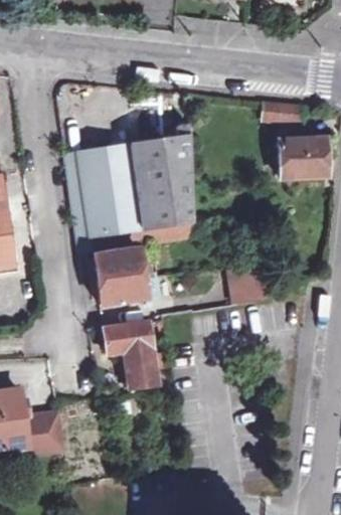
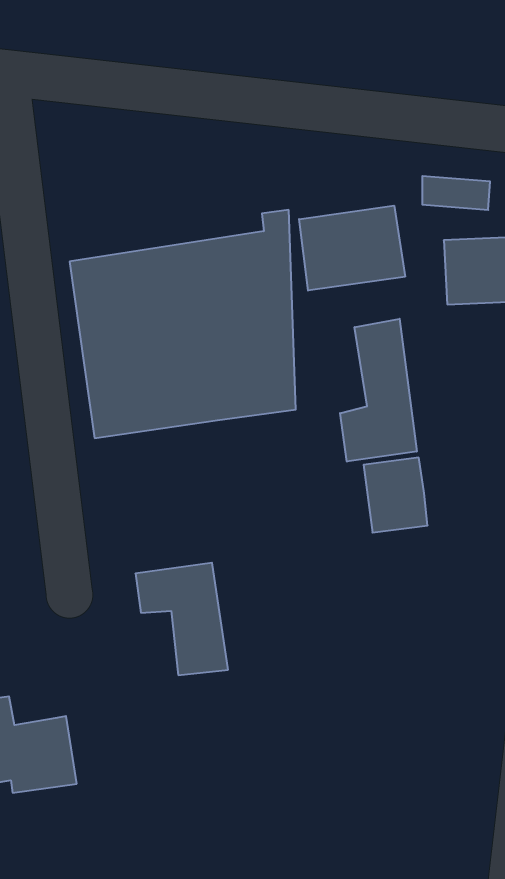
building: none -> [299,206,405,291]
building: none -> [340,319,417,462]
building: [93,248,146,303] -> none

